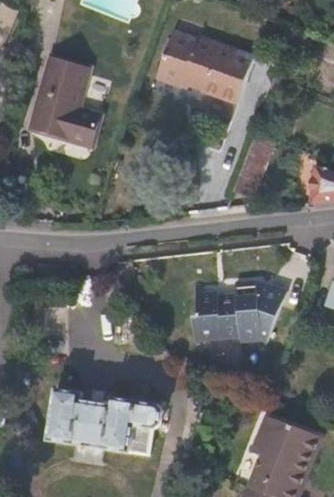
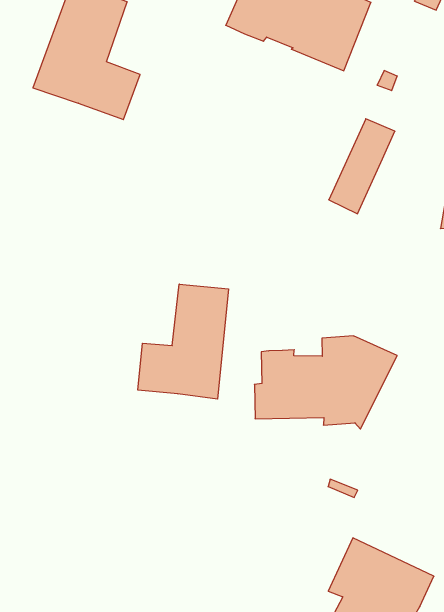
building: none -> [138,284,228,399]
building: [49,392,161,457] -> none

